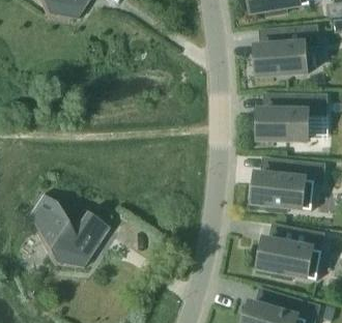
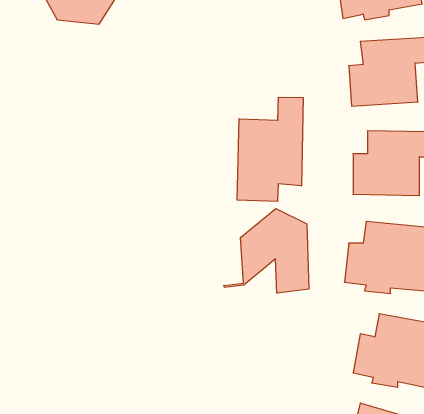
building: none -> [237,97,303,201]
building: none -> [224,209,309,293]
building: [25,179,107,267] -> none

